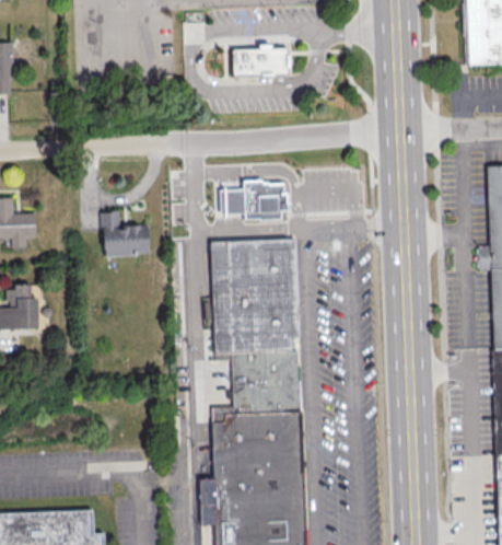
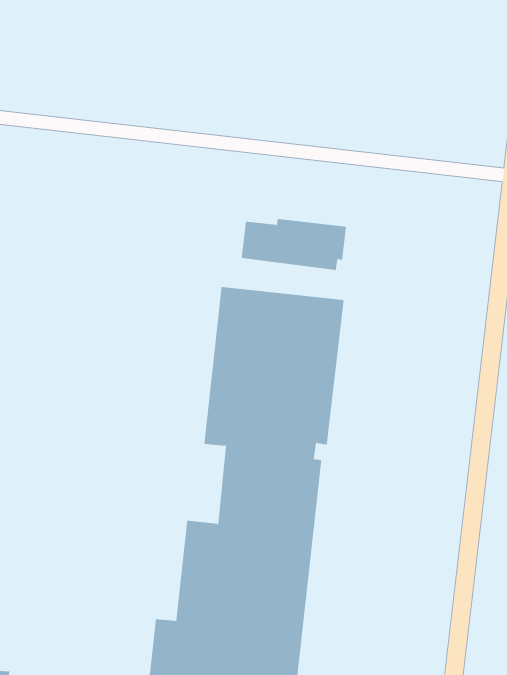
building: [230,44,290,77] -> none
building: [101,210,148,255] -> none

